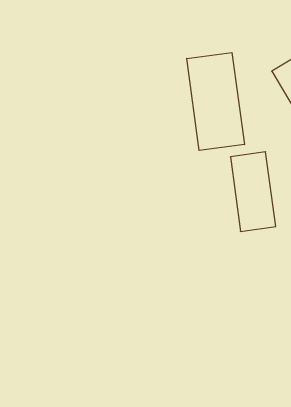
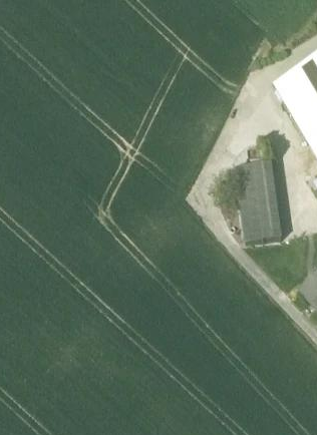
building: [187,53,244,150] -> none

